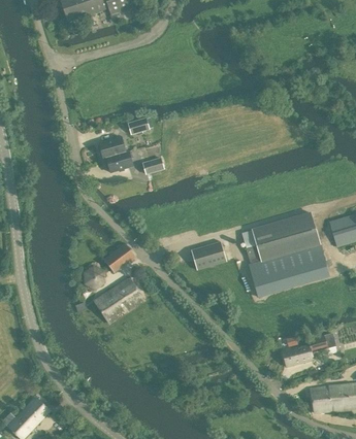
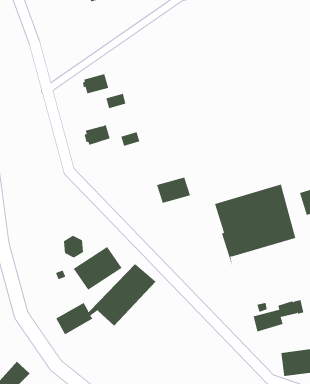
building: [97,135,125,157] -> [82,73,109,94]
building: [190,240,226,268] -> [156,177,191,203]
building: [103,242,135,271] -> none
building: none -> [56,263,156,335]

